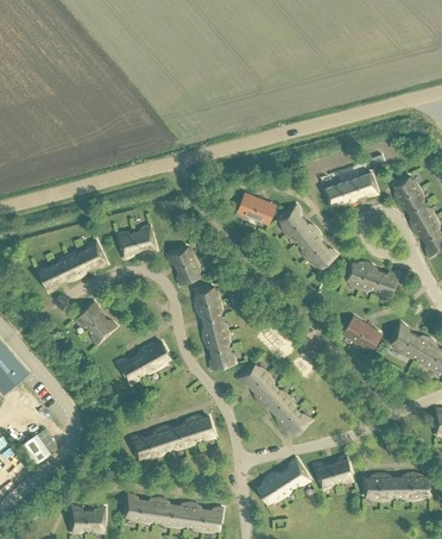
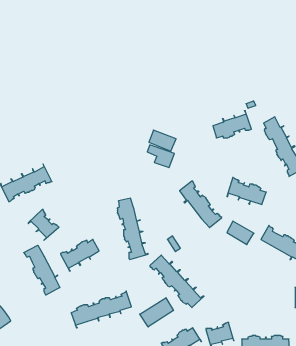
building: [279,206,336,269] -> [180,181,222,228]
building: [116,224,154,257] -> none
building: [170,246,198,283] -> none
building: none -> [24,245,60,295]
building: none -> [140,298,173,327]

